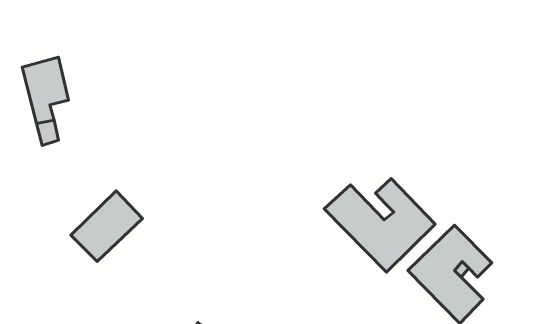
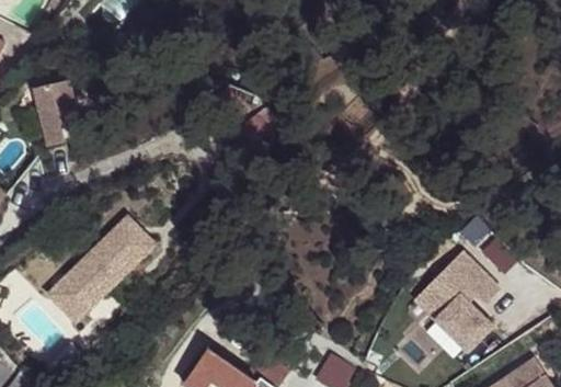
building: [324,178,435,272] -> none
building: none -> [48,260,107,319]

